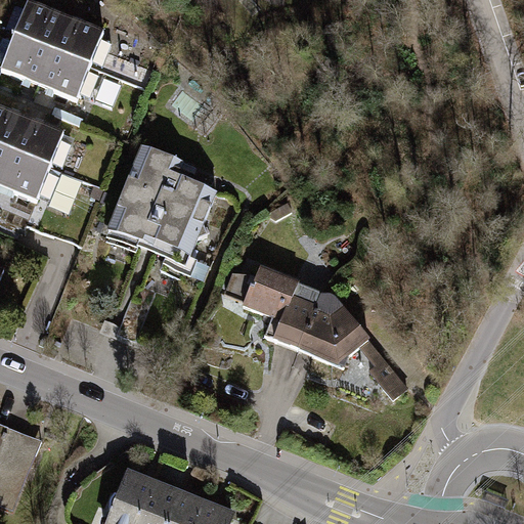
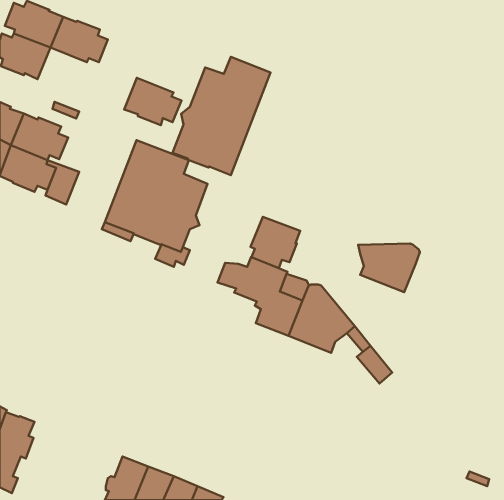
building: [39,49,98,98] -> [124,78,181,125]
building: none -> [173,57,270,175]
building: none -> [250,217,300,268]
building: none -> [358,244,420,292]

